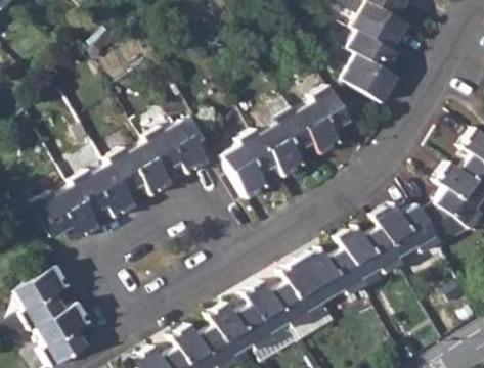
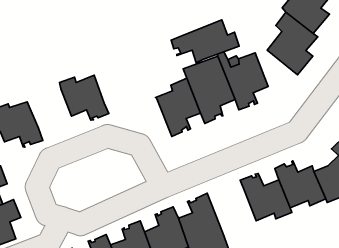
building: none -> [171,20,239,63]
building: [142,120,209,173] -> none
building: [71,163,135,215] -> none
building: [301,244,366,300] -> none

